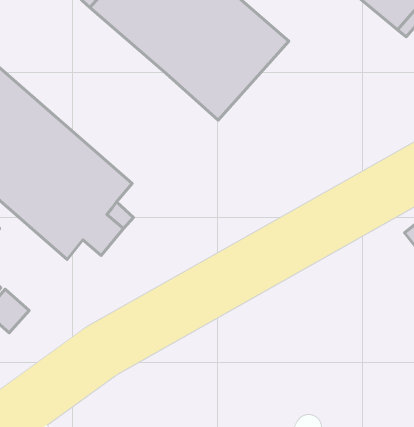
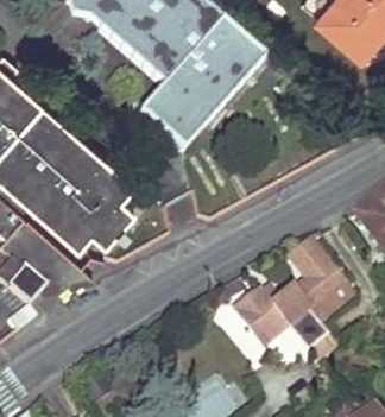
building: none -> [137,86,206,152]
building: none -> [235,239,359,361]

